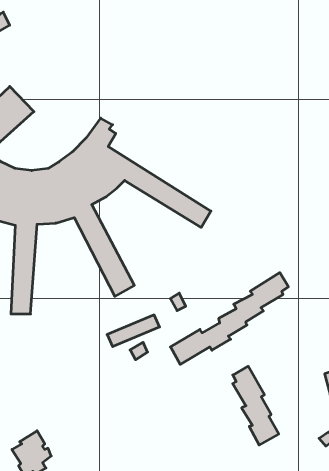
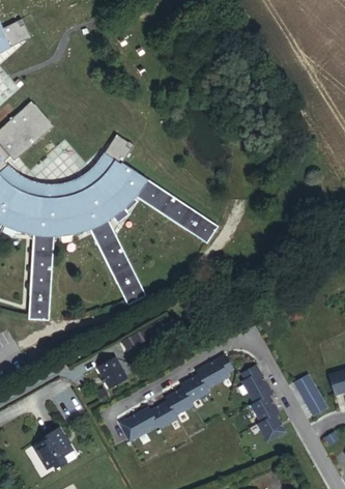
building: [170,273,288,364] -> [120,357,232,444]
building: none -> [102,362,131,392]
building: none -> [292,373,324,413]

